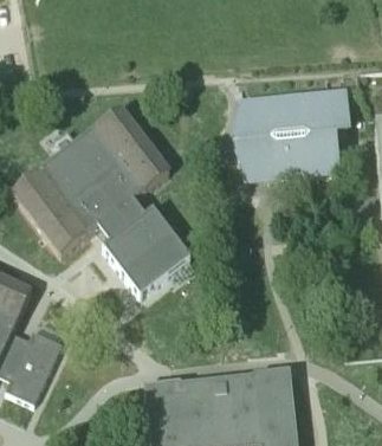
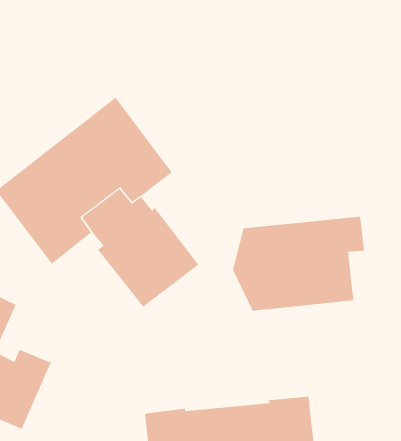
building: [229,90,347,174] -> [232,216,365,311]

